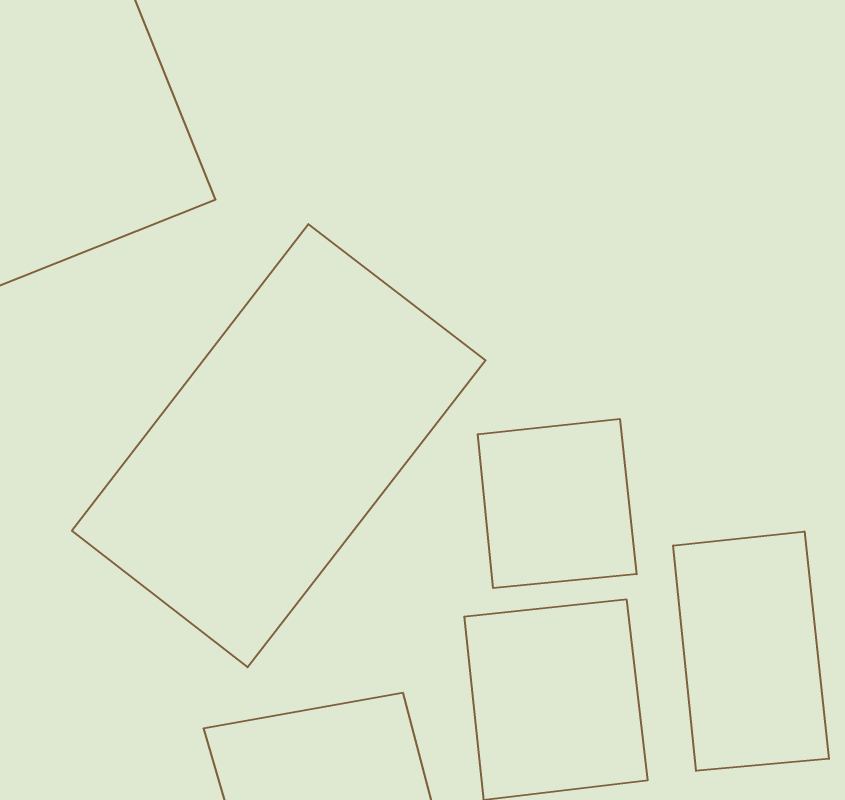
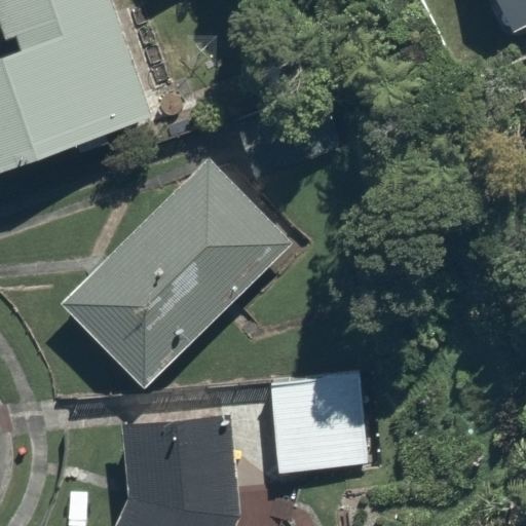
building: [478,419,637,588] -> none
building: [673,531,829,771] -> none

